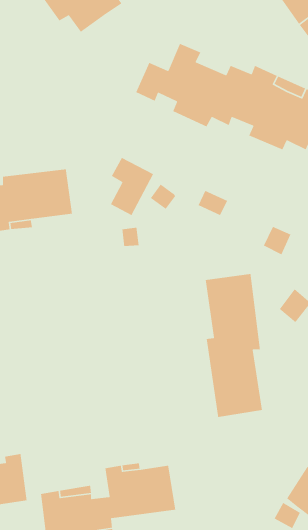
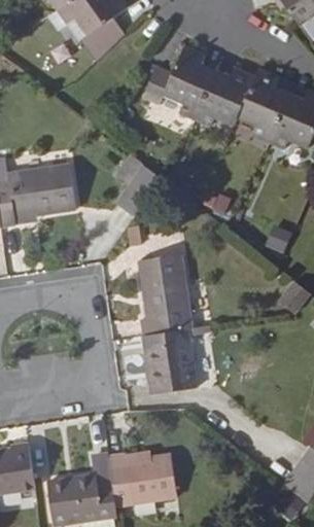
building: none -> [77,15,121,61]
building: [205,273,263,418] -> [139,255,196,396]

